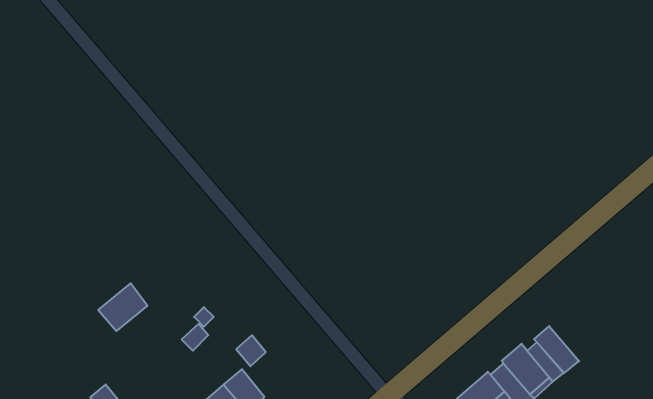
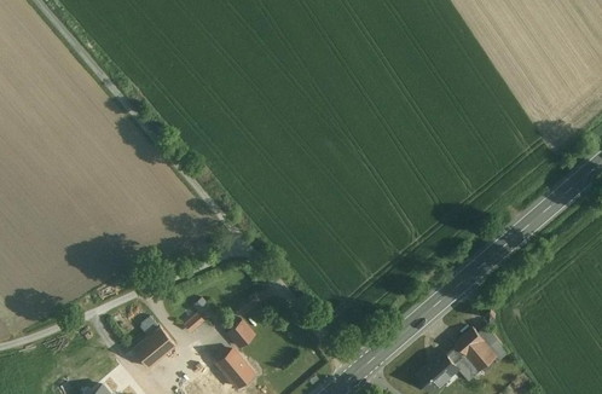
building: [98,283,147,331] -> [132,325,174,366]
building: [534,326,579,373] -> none

